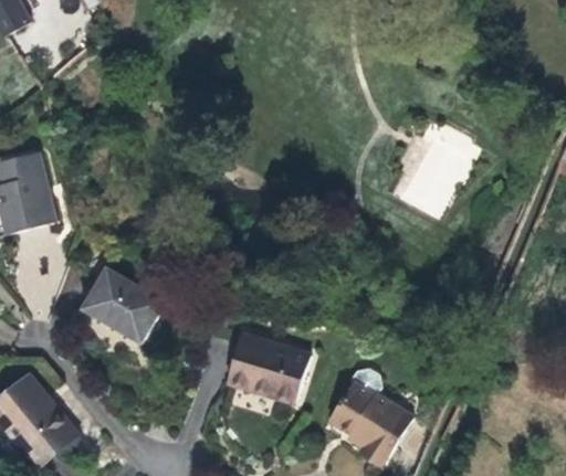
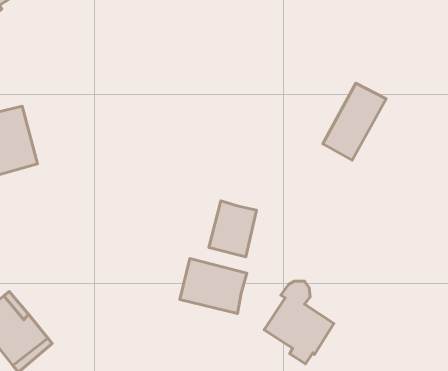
building: none -> [209,201,257,257]
building: [81,267,167,346] -> none

